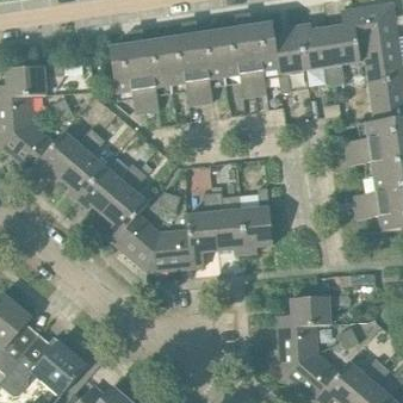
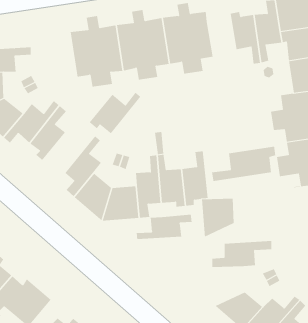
building: [272,24,305,91] -> none
building: [76,162,138,212] -> [89,92,141,134]
building: none -> [212,146,276,182]
building: none -> [136,214,192,240]
building: [277,323,316,370] -> [201,198,234,237]

